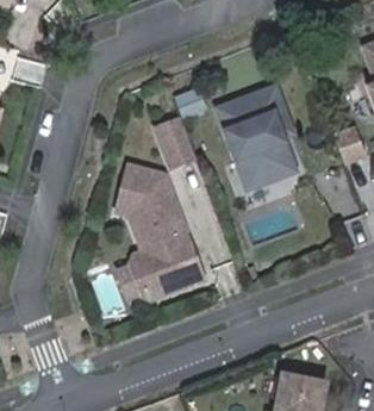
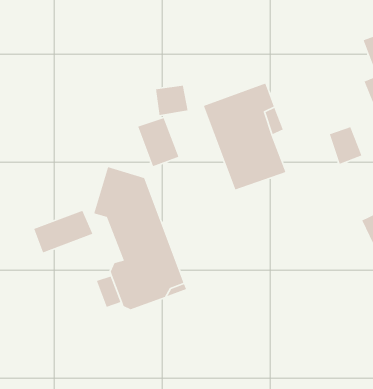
building: none -> [33,210,93,253]

